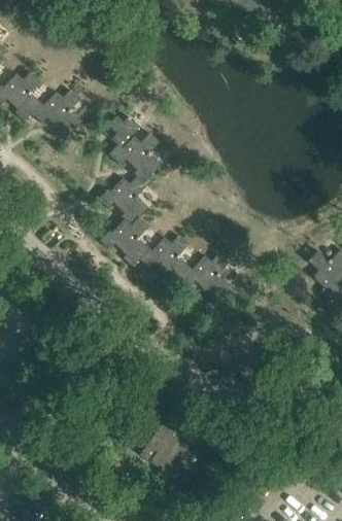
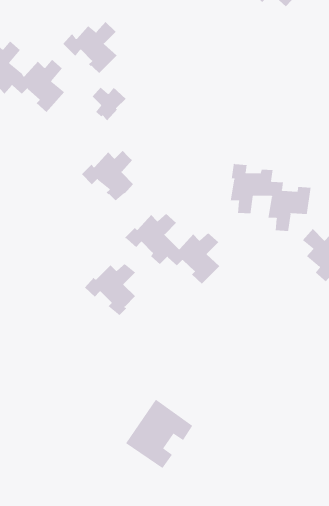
building: [108,131,161,181] -> [62,21,117,74]
building: none -> [230,163,311,232]
building: [99,216,148,267] -> [84,263,136,316]

